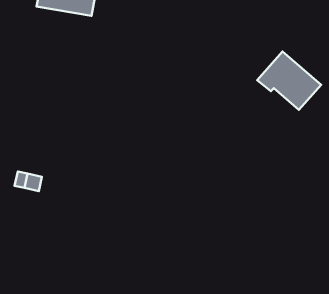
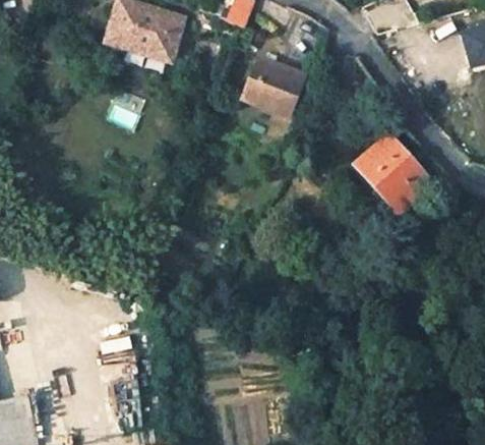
building: none -> [240,59,303,118]

